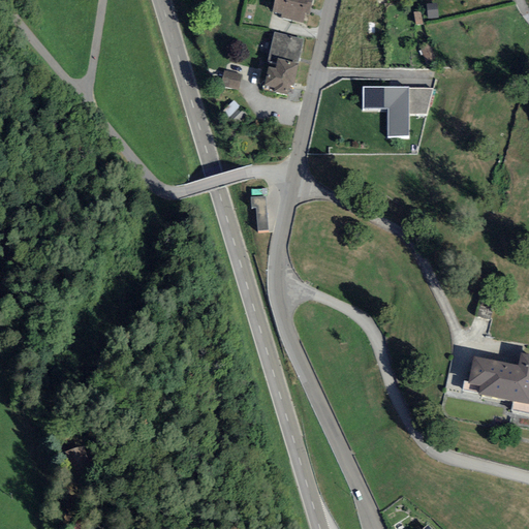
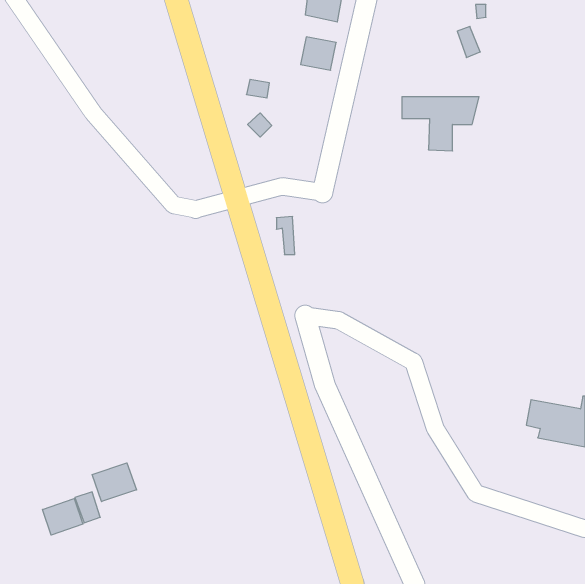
building: [266,62,297,95] -> none
building: none -> [92,463,137,502]
building: none -> [43,498,83,535]

